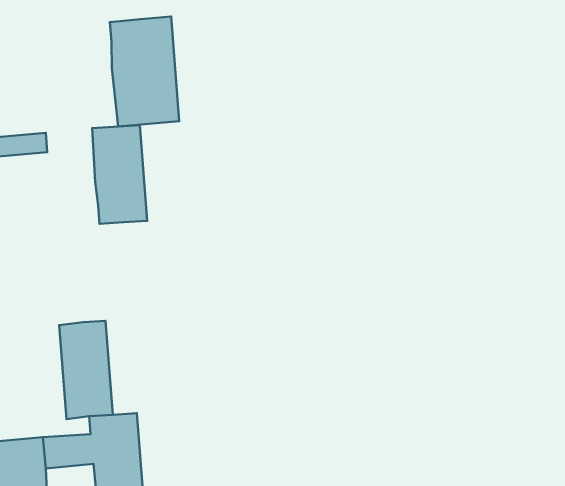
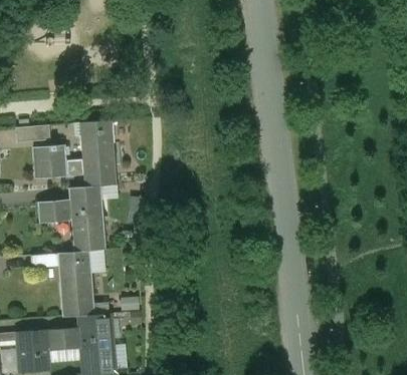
building: [110,17,179,127] -> none
building: none -> [32,143,83,178]
building: none -> [37,185,106,253]

